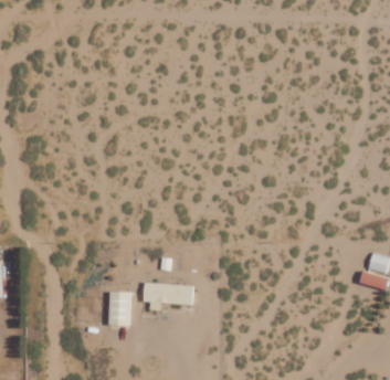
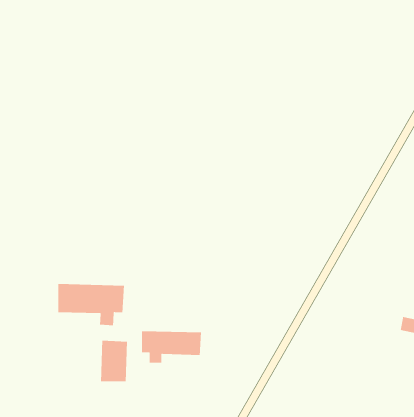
building: none -> [58,283,125,326]

